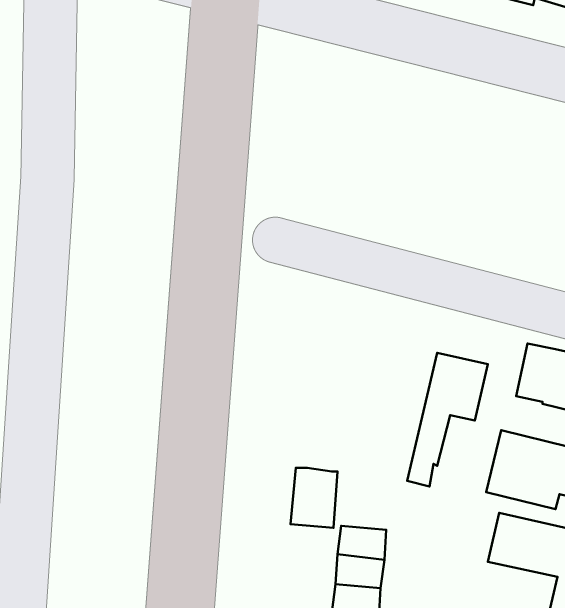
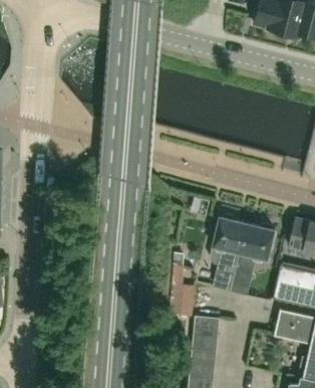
building: none -> [210,216,247,292]

